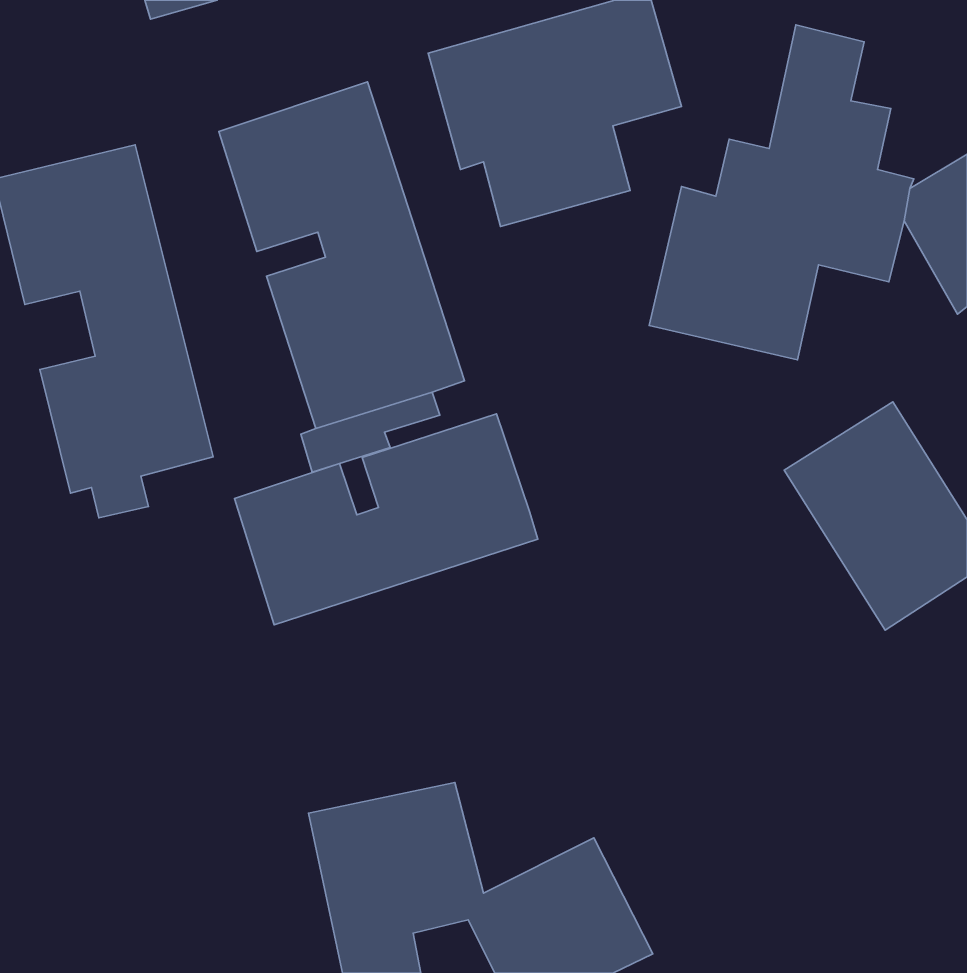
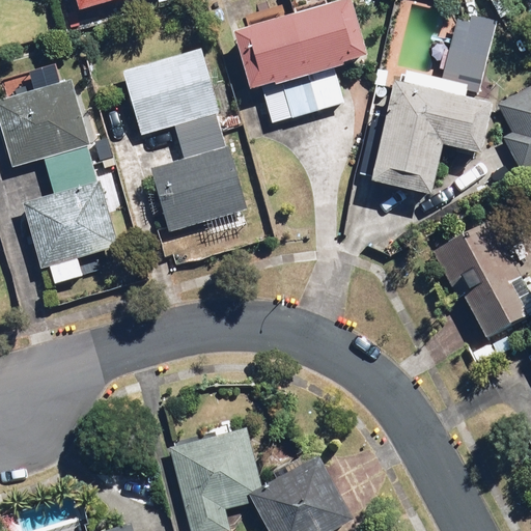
building: [234,414,538,625] -> none

